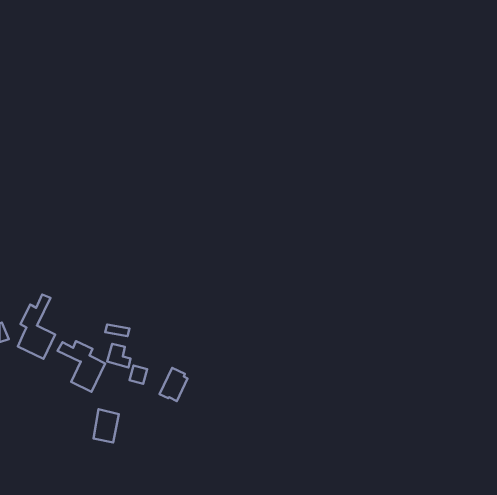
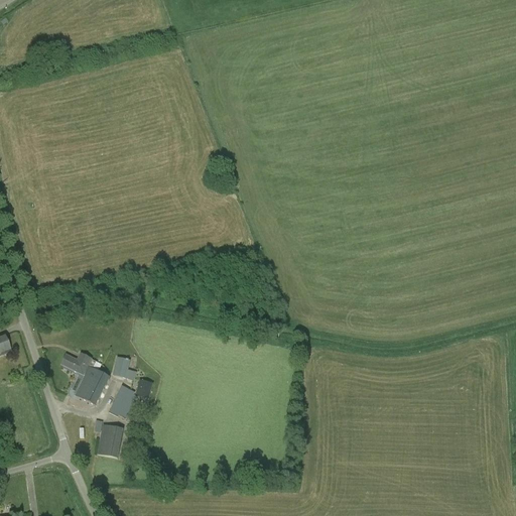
building: [18,295,55,359] -> none
building: [159,368,188,401] -> [108,384,137,418]

